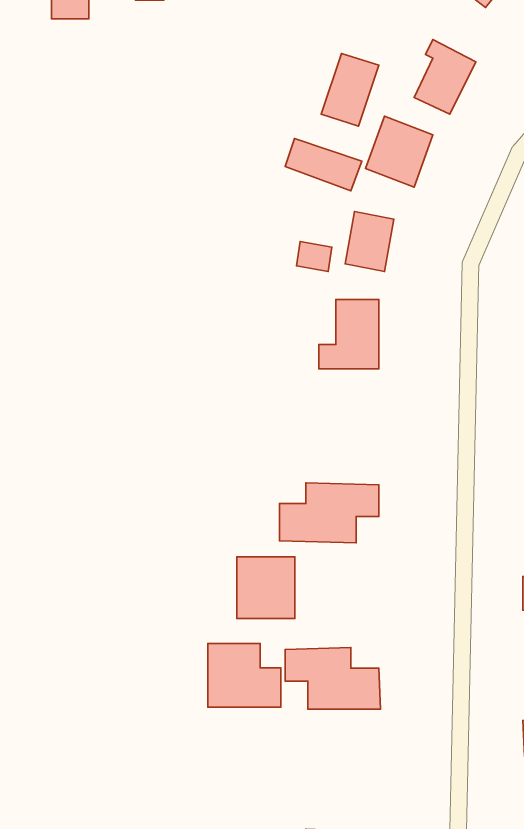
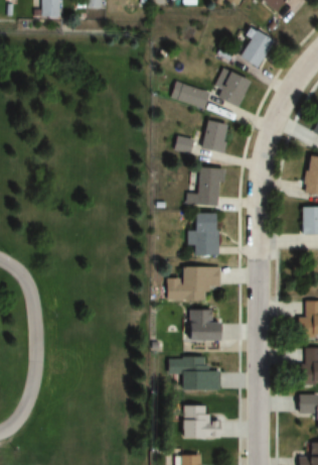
building: [321,53,379,126] -> none
building: none -> [188,214,217,256]
building: [237,557,295,619] -> [186,308,217,341]
building: [208,644,281,707] -> [183,404,222,439]

